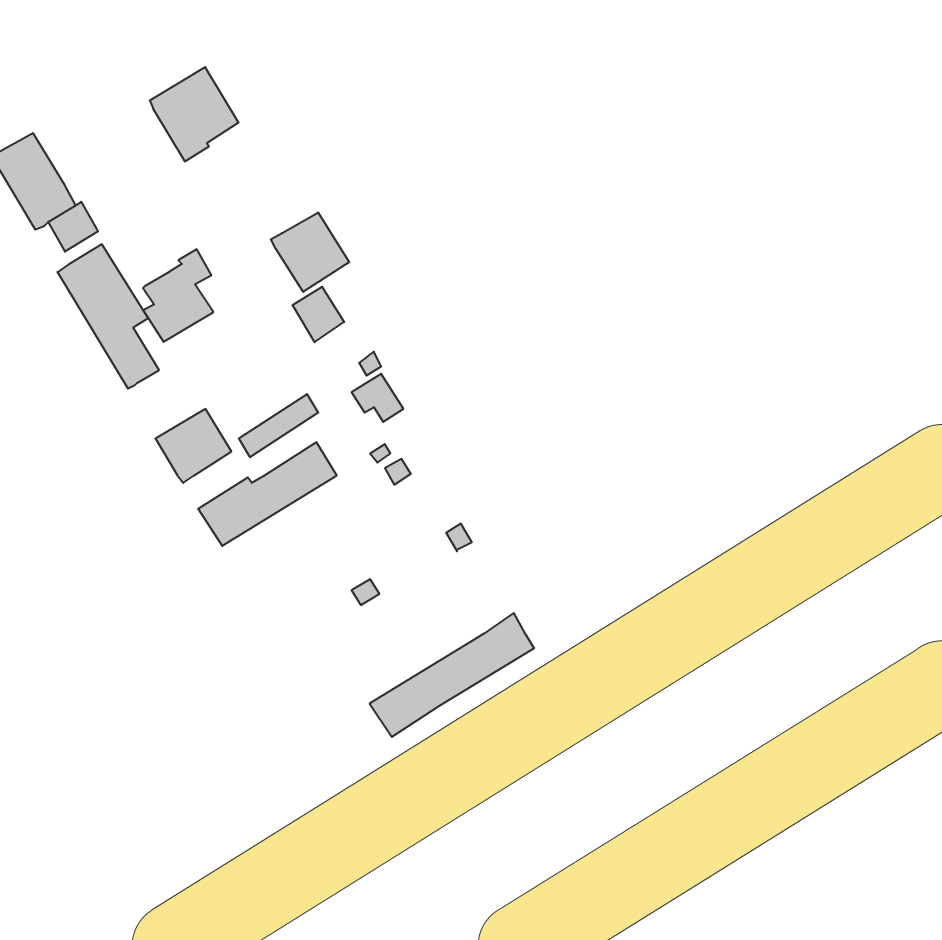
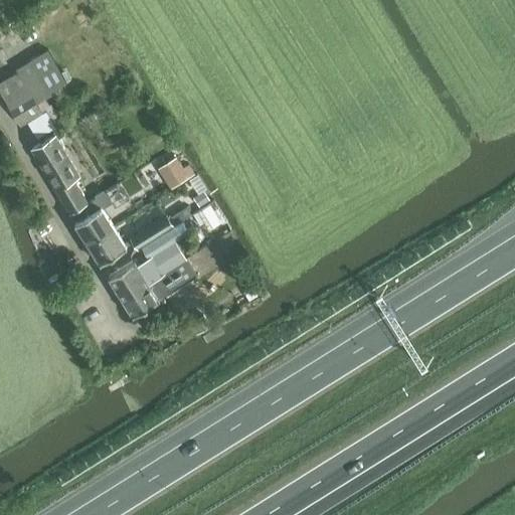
building: [150,67,239,161] -> [16,52,64,104]
building: [271,212,349,292] -> none
building: [143,249,213,342] -> [73,191,112,241]
building: [370,613,534,737] -> [121,250,210,318]

